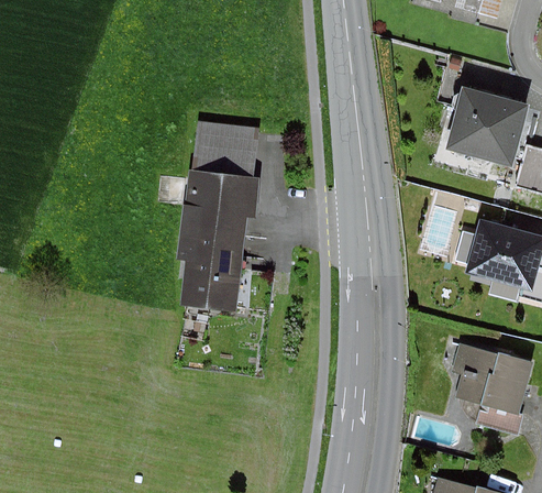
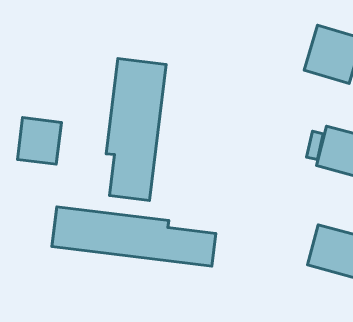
building: none -> [17,118,61,164]
building: none -> [52,207,216,266]

